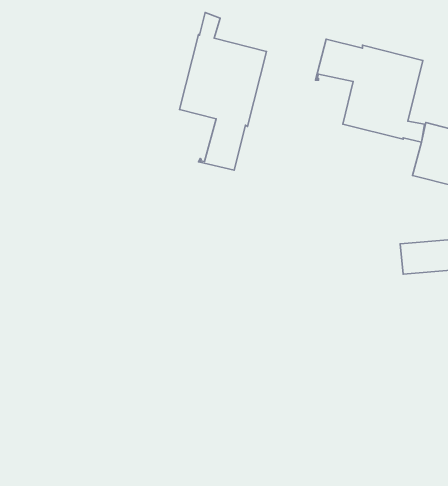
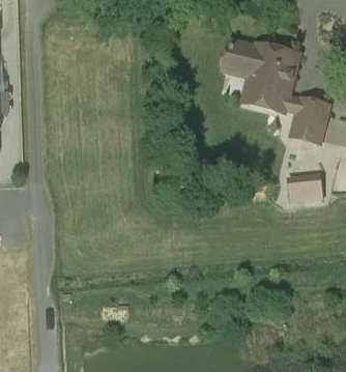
building: [180,13,266,170] -> none

